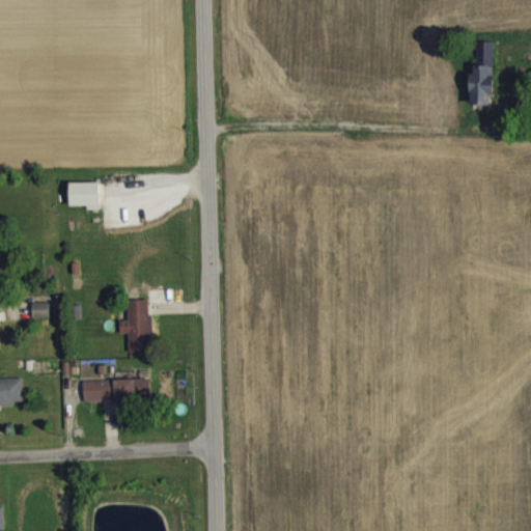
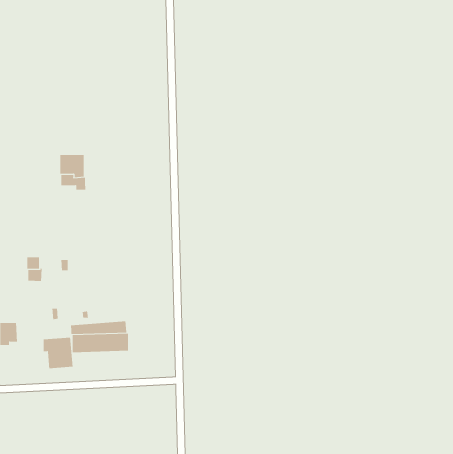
building: [468,39,492,102] -> none
building: [119,298,151,350] -> none
building: none -> [43,337,73,369]

